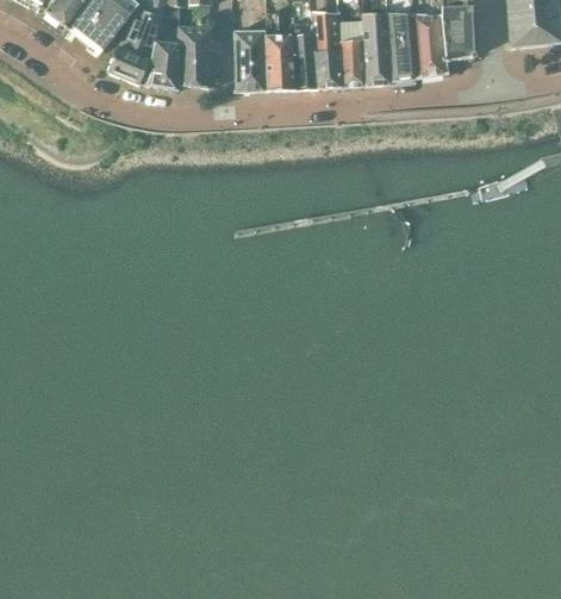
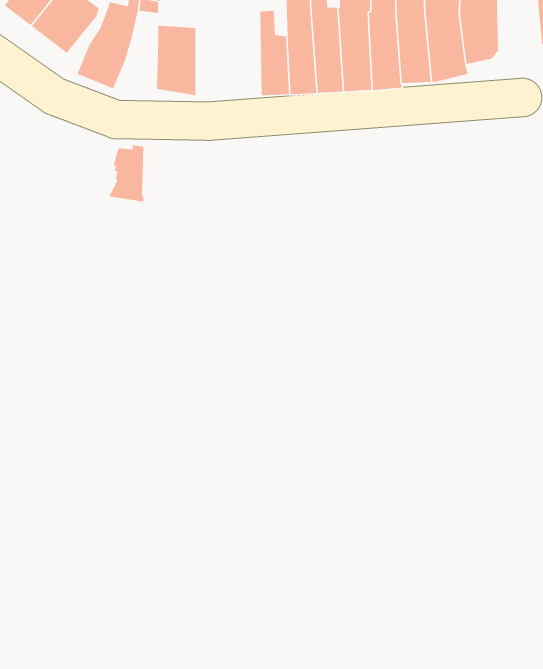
building: [232,30,266,89] -> none
building: [148,38,179,88] -> [108,145,144,202]

